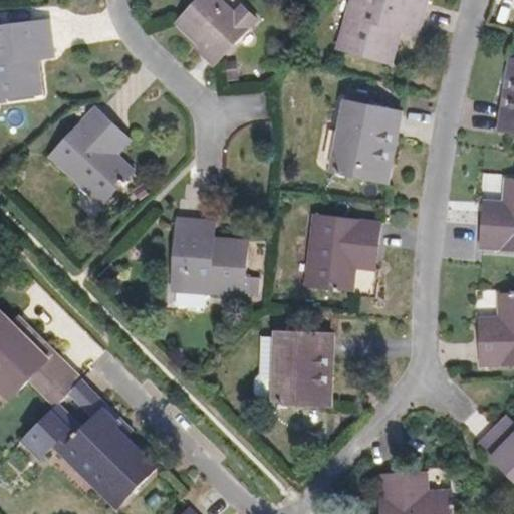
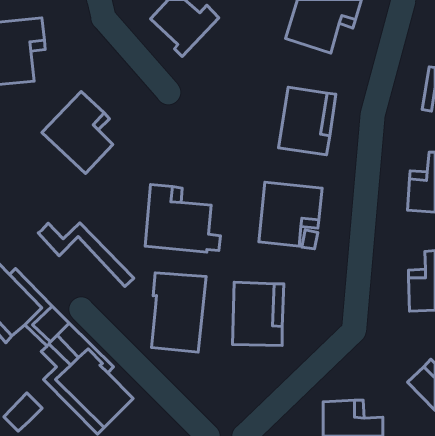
building: none -> [38,223,134,287]
building: none -> [151,273,206,352]
building: [21,413,66,458] -> [4,393,42,431]

